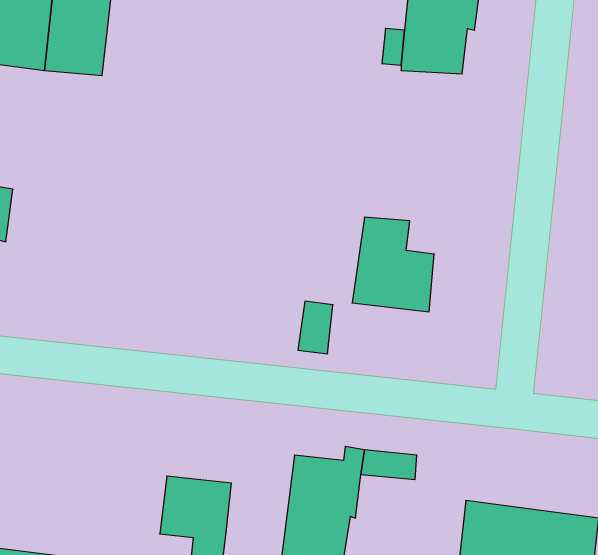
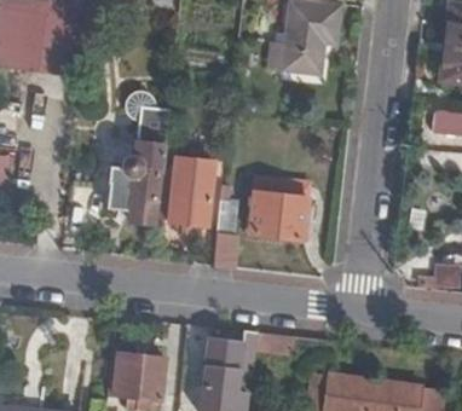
building: none -> [106,85,171,222]
building: none -> [166,161,213,228]

